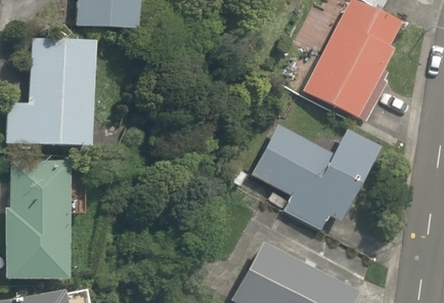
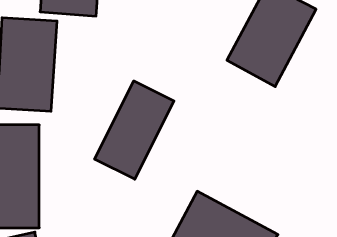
building: none -> [95,81,174,179]
building: [251,123,383,228] -> none

